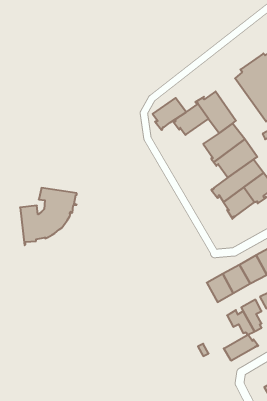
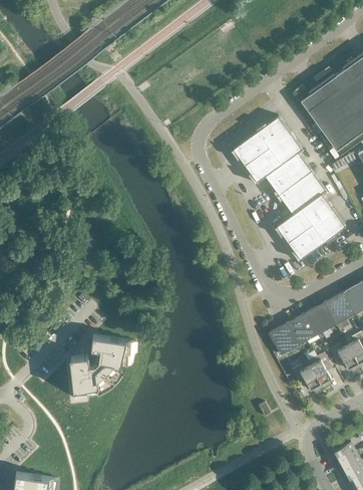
building: [153,98,186,130] -> [245,147,283,183]
building: [20,188,77,245] -> [69,334,133,400]
building: [224,335,258,361] -> none

